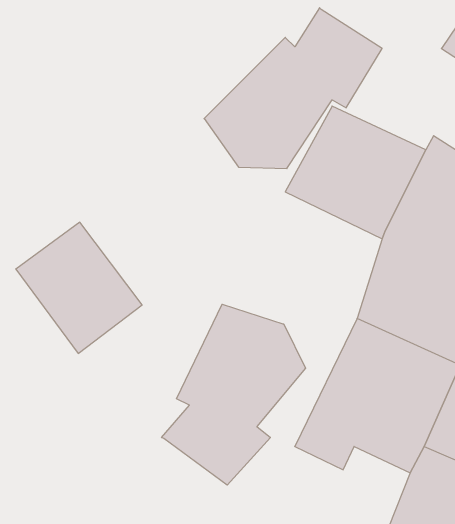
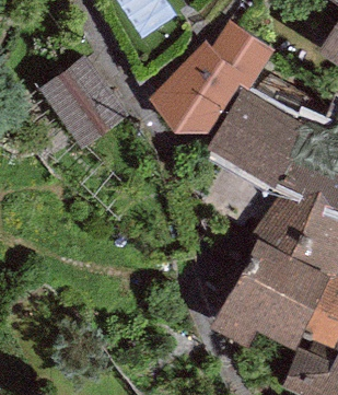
building: [16,222,142,353] -> [38,57,127,149]
building: [162,304,305,485] -> none

